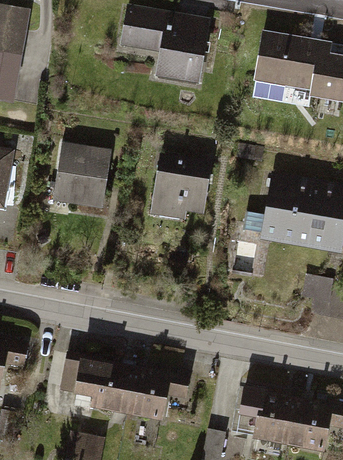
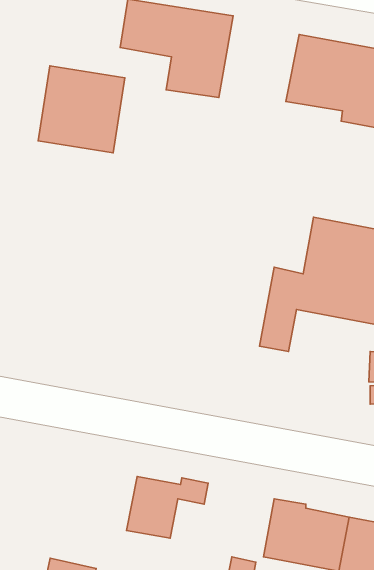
building: [49,146,115,212] -> [38,66,125,153]
building: [148,154,213,224] -> none
building: [63,352,137,409] -> none

